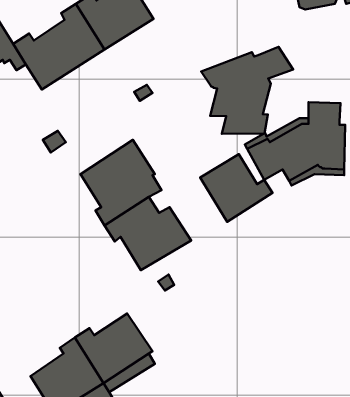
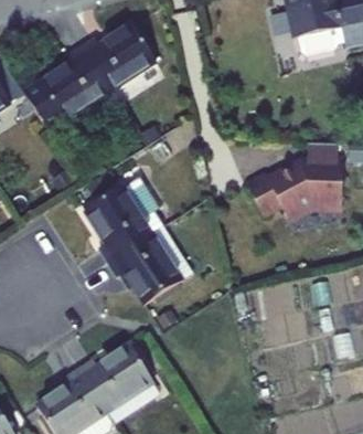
building: [201,47,293,134] -> none
building: [200,154,273,222] -> none

